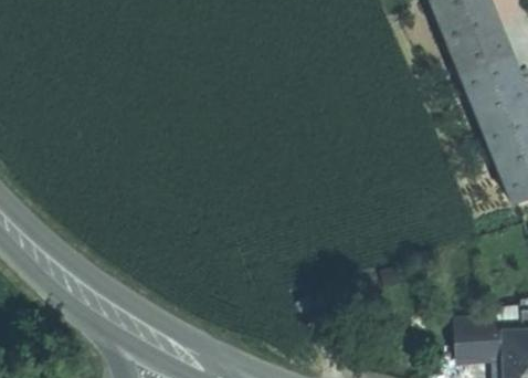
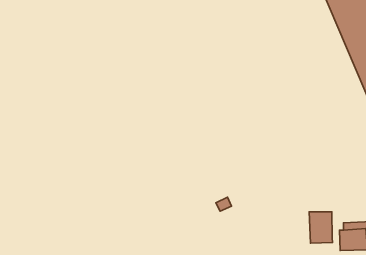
building: none -> [309,212,332,243]

